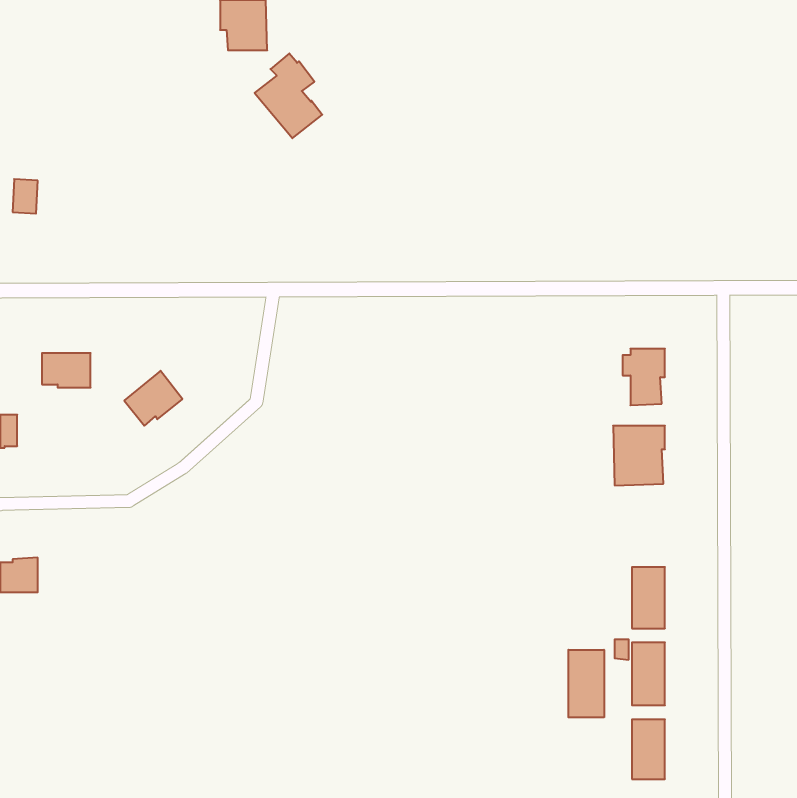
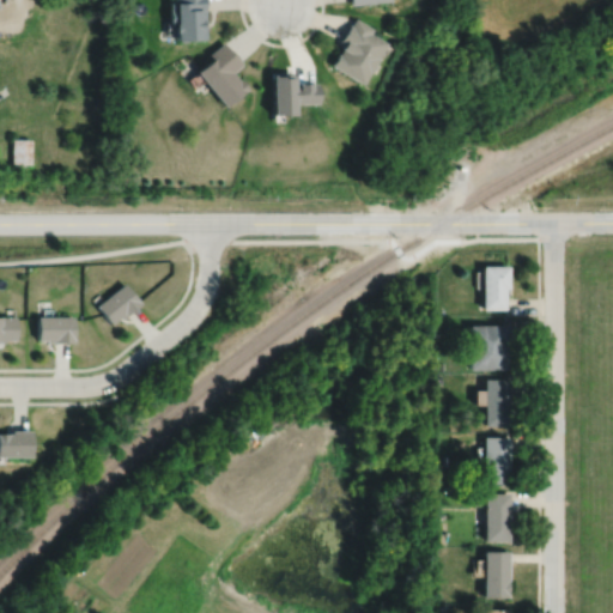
building: none -> [334,20,390,86]
building: none -> [274,74,321,117]
building: [42,353,91,388] -> [40,320,77,346]
building: none -> [478,377,512,425]
building: [568,650,604,717] -> none

